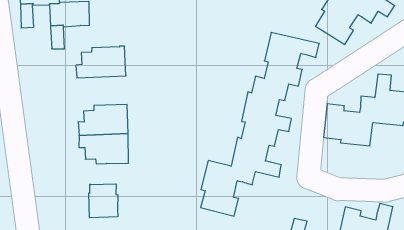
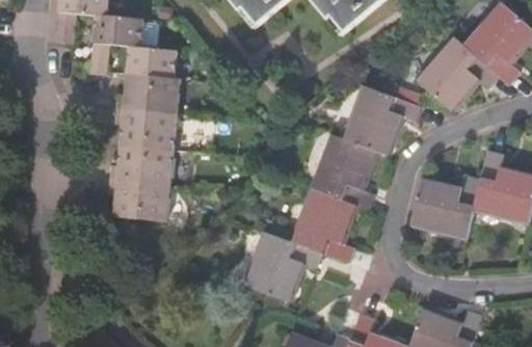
building: none -> [128,46,177,78]
building: none -> [115,109,178,150]
building: [89,184,118,218] -> none

